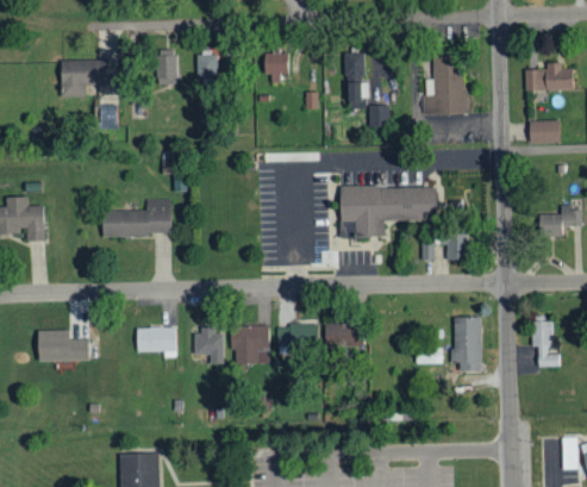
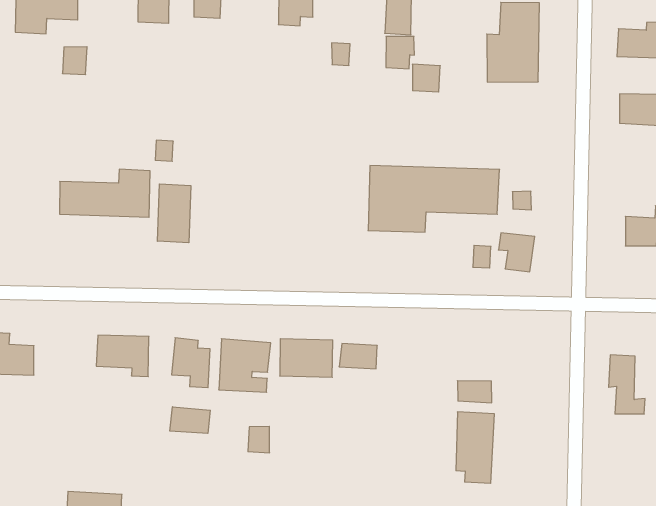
building: none -> [157,184,191,243]
building: [452,317,481,370] -> [456,412,494,483]
building: none -> [170,407,210,433]

